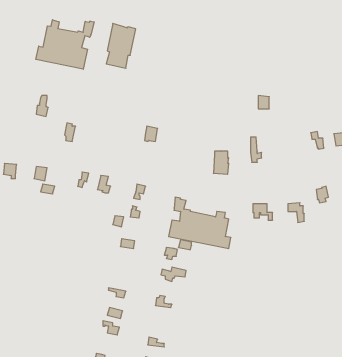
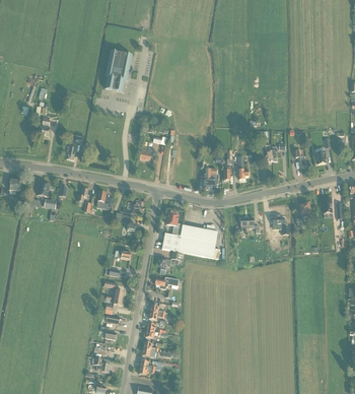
building: [36,20,94,69] -> none

